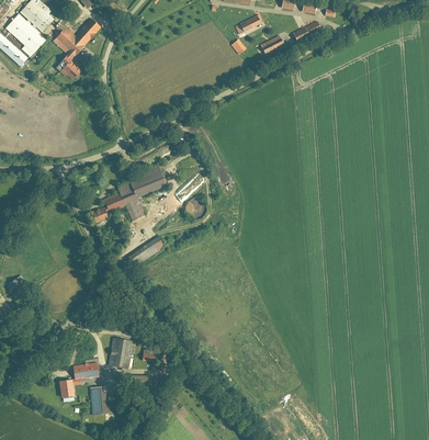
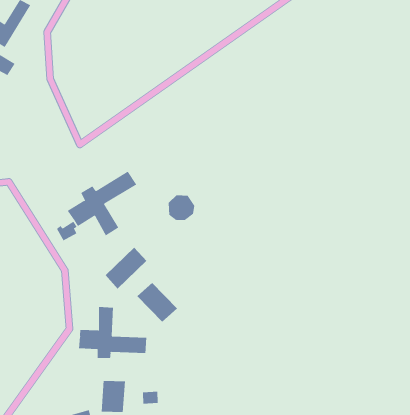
building: none -> [137,282,178,322]
building: none -> [78,306,147,359]

